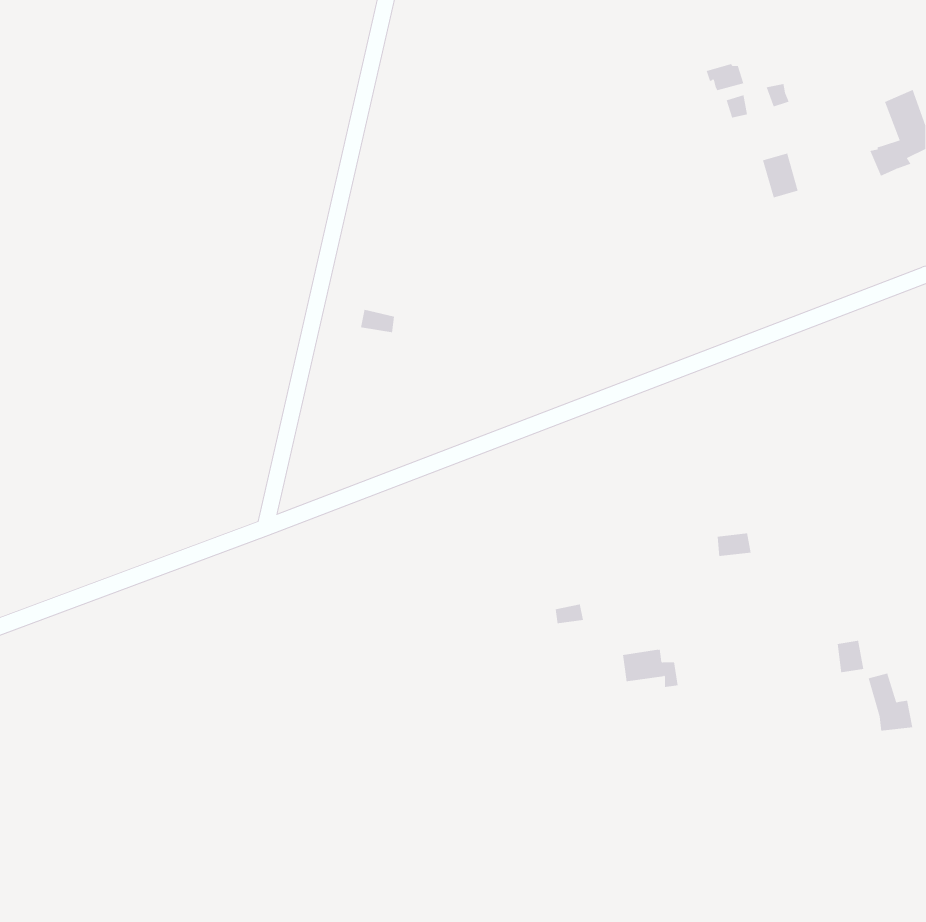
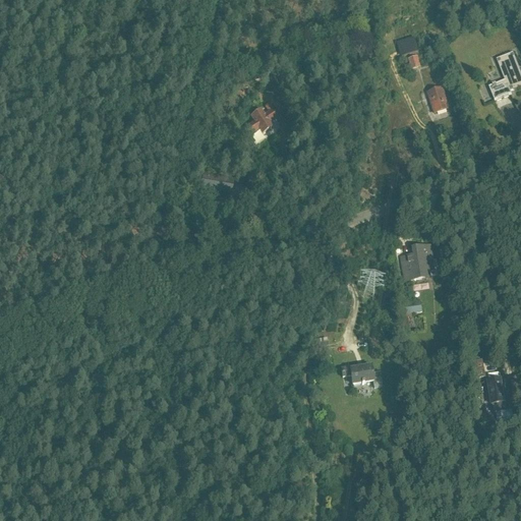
building: none -> [242,107,275,132]
building: none -> [400,244,430,279]

